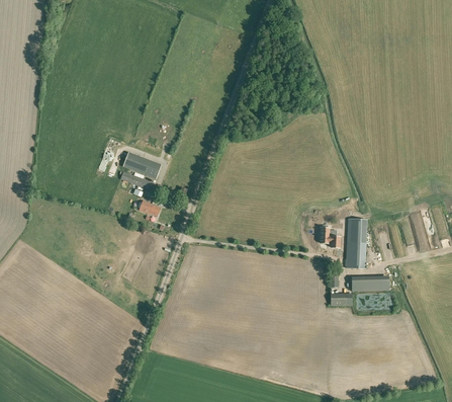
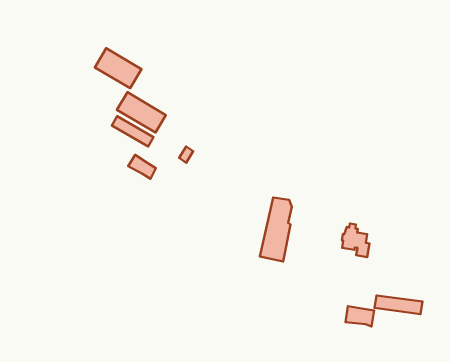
building: none -> [95,48,142,88]
building: [346,218,366,267] -> [260,197,292,261]

